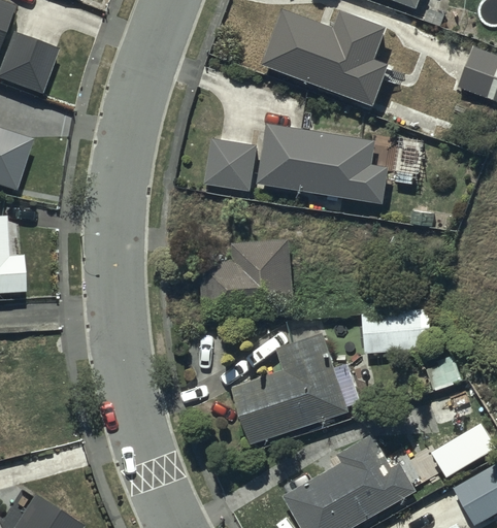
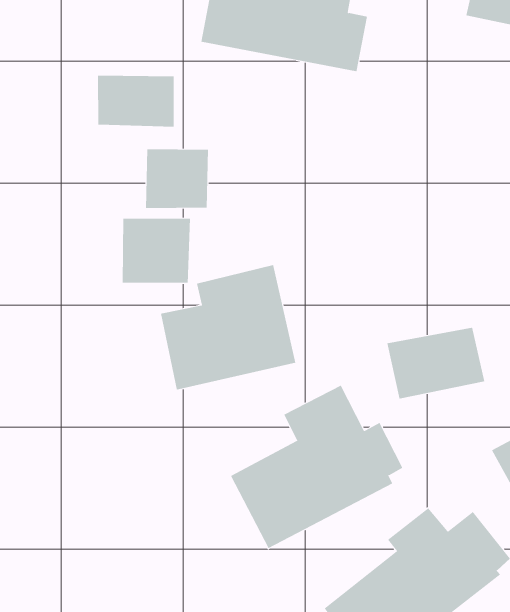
building: none -> [97,75,174,127]
building: [258,125,389,202] -> none
building: none -> [122,218,191,284]

